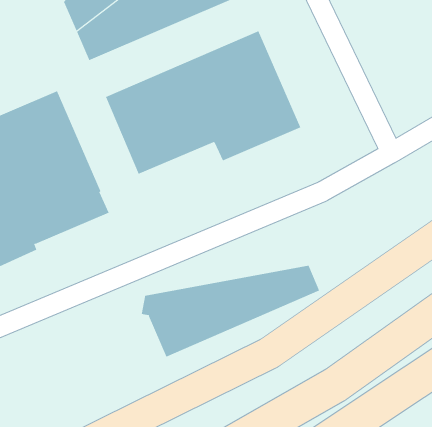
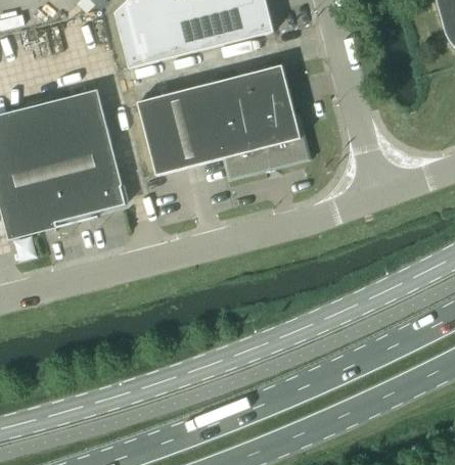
building: [141,265,320,357] -> none

